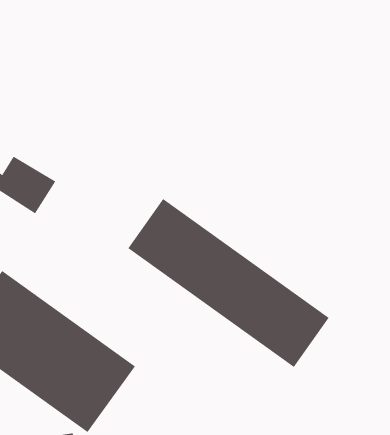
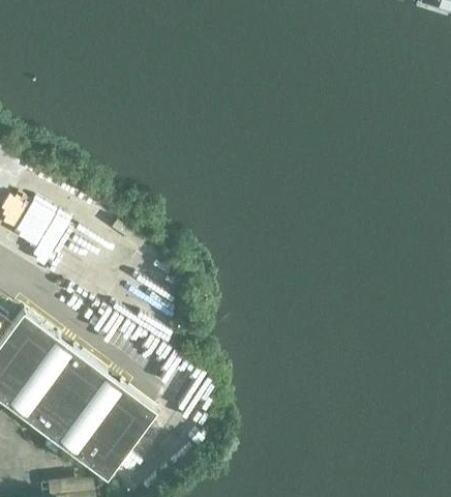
building: [127,198,330,368] -> none

